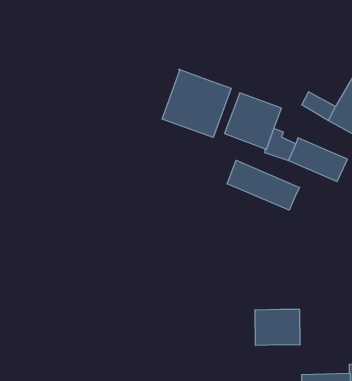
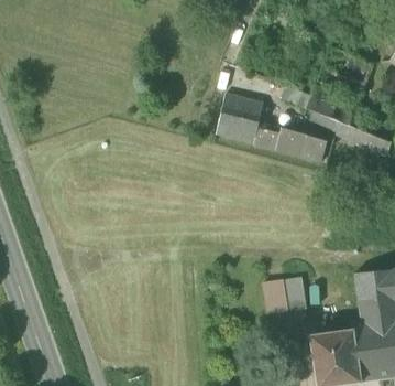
building: [162,69,231,137] -> none
building: [227,160,300,210] -> none

